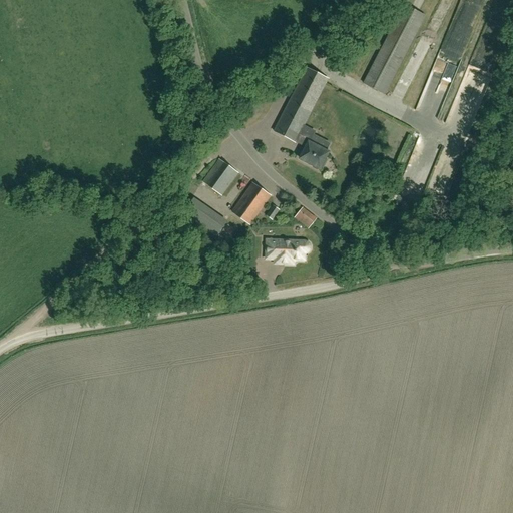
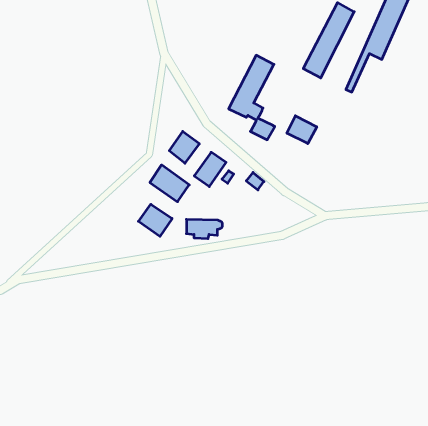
building: none -> [287,116,317,144]
building: [267,239,310,263] -> [186,219,222,239]
building: none -> [138,204,172,236]

